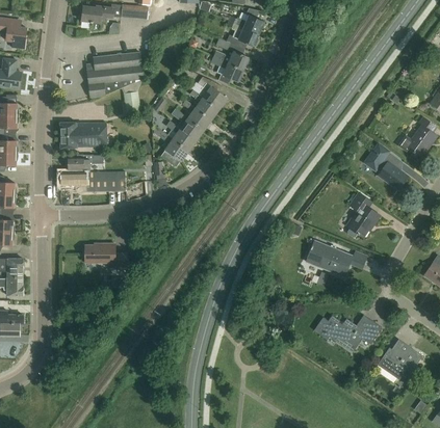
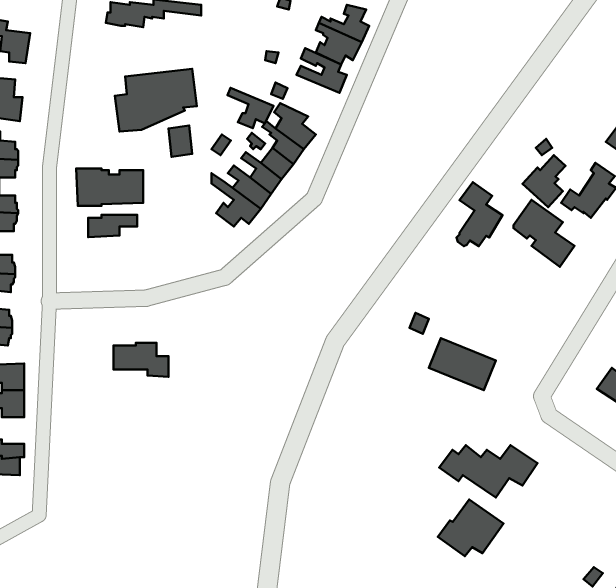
building: [211,56,243,84] -> [228,88,274,128]
building: none -> [523,155,565,207]
building: [61,171,126,191] -> none
building: [347,192,380,237] -> [456,182,503,246]
building: [377,339,422,378] -> [438,500,503,556]

